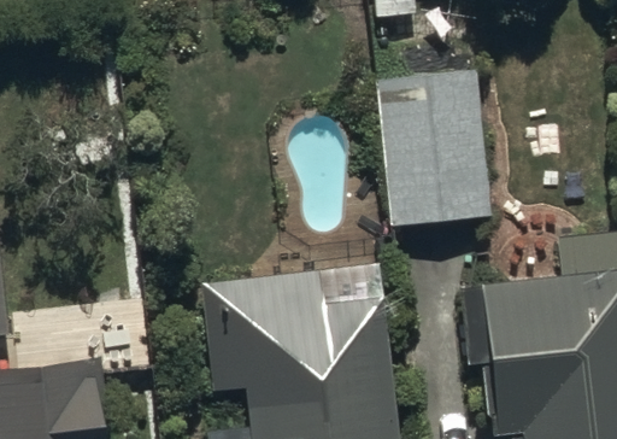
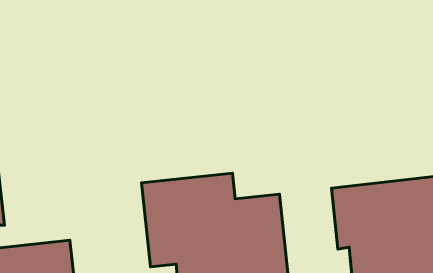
building: [376,69,493,228] -> none

